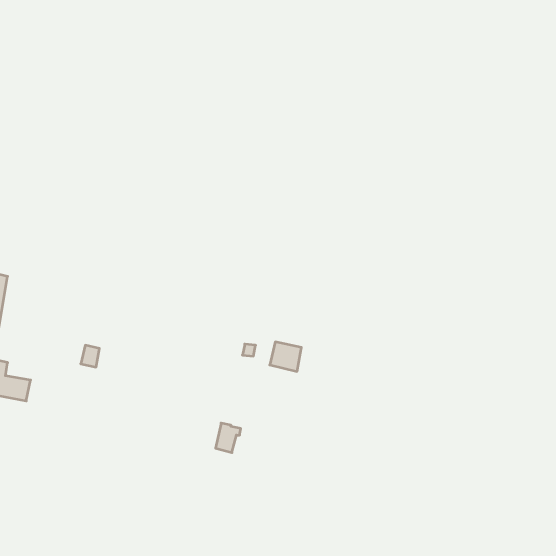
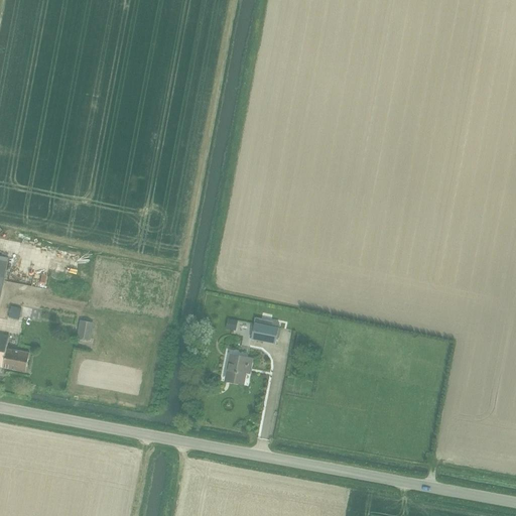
building: [216,423,241,453] -> [225,355,248,382]

